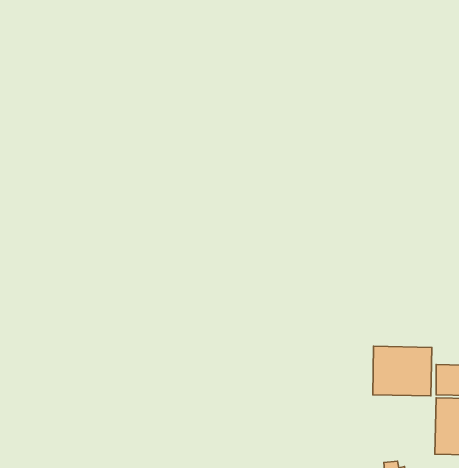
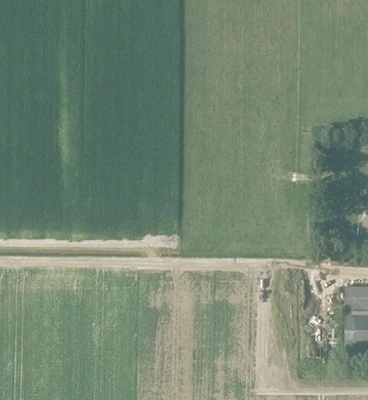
building: [373,346,432,396] -> none

